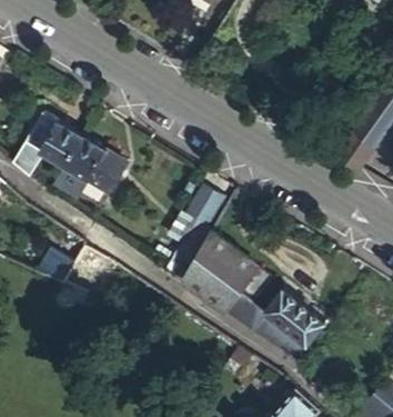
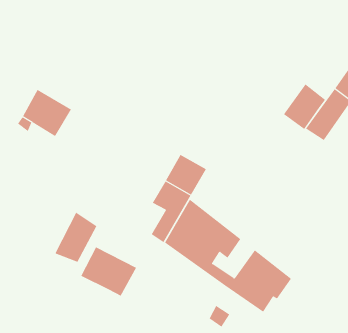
building: none -> [283,84,326,130]
building: [52,133,125,195] -> none
building: none -> [81,246,137,296]

